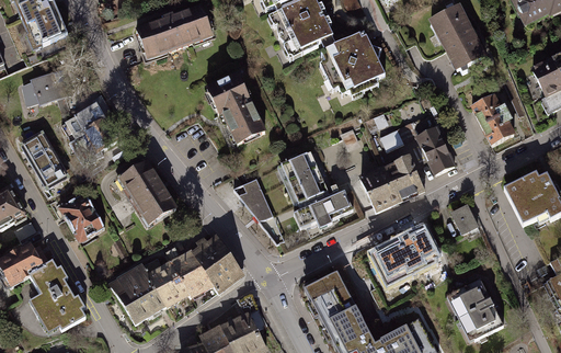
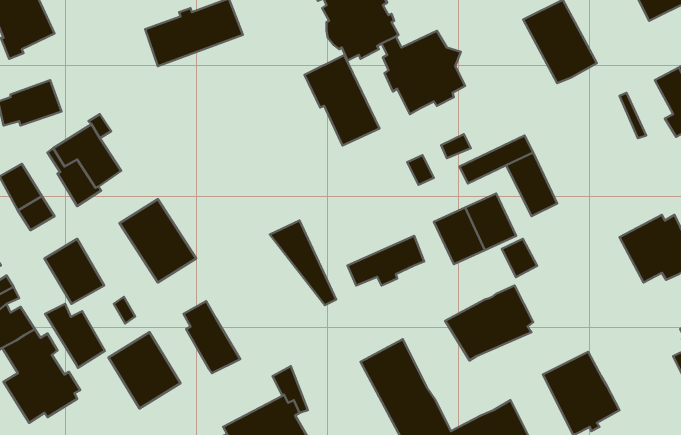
building: [207,73,265,144] -> [304,55,379,146]
building: [471,95,515,148] -> none
building: [280,151,328,205] -> none
building: [451,206,479,236] -> [502,239,537,277]
building: [192,237,240,293] -> none
building: [140,257,186,306] -> [45,304,105,368]

